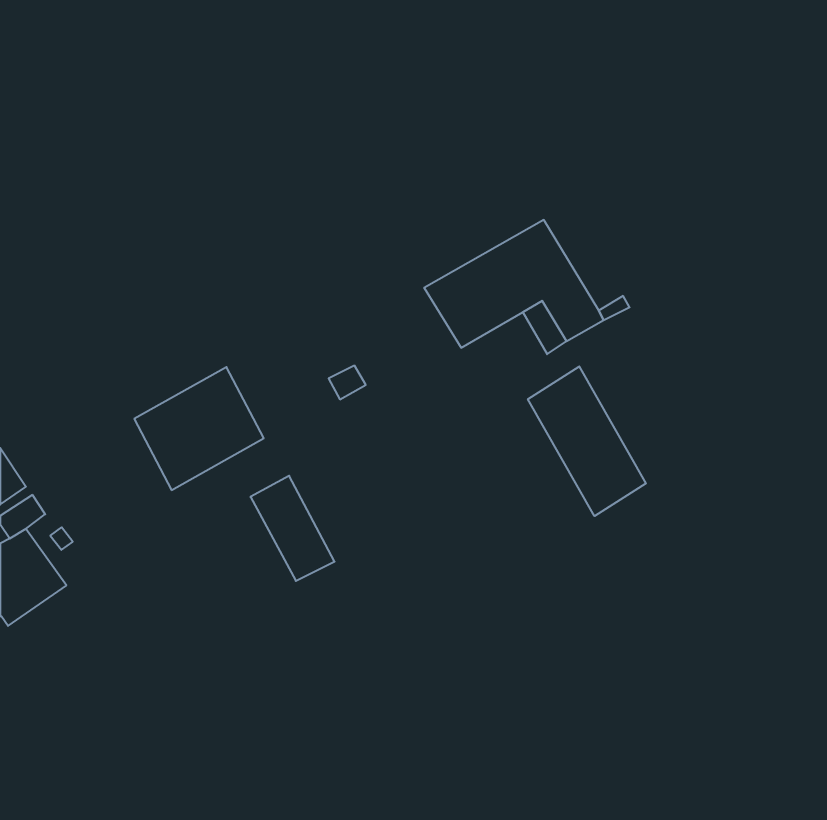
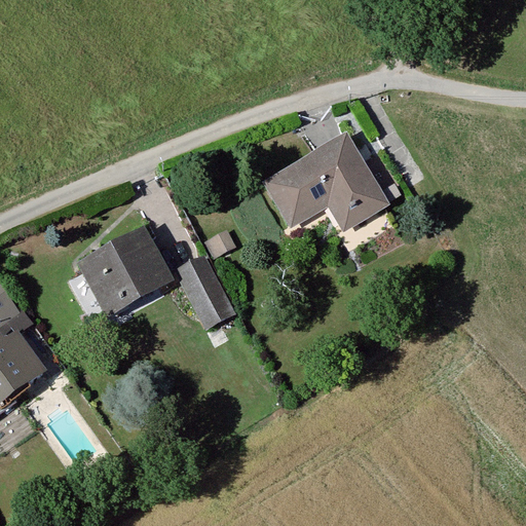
building: [528,366,646,516] -> none
building: [250,476,335,581] -> [179,258,232,325]

